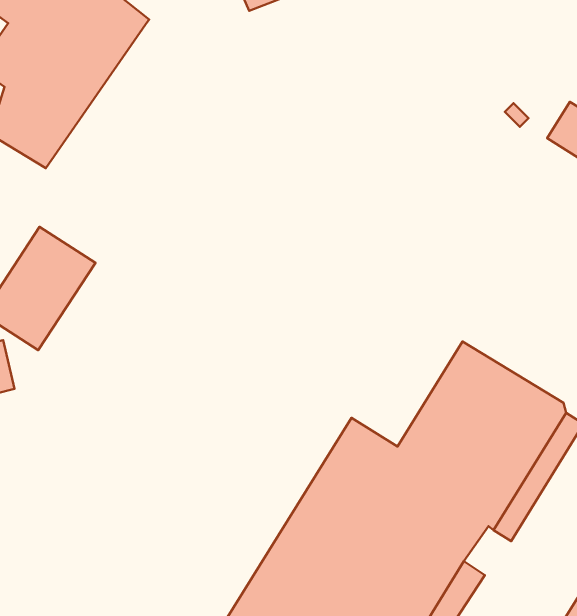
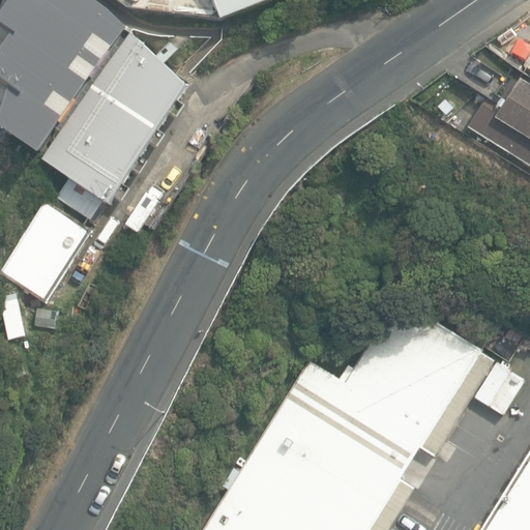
building: none -> [43,33,189,204]

